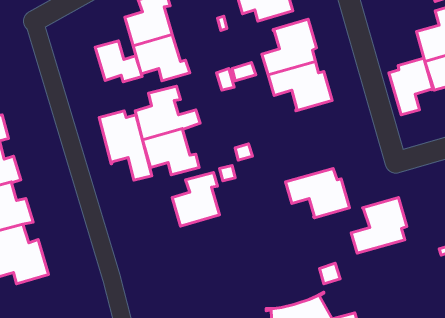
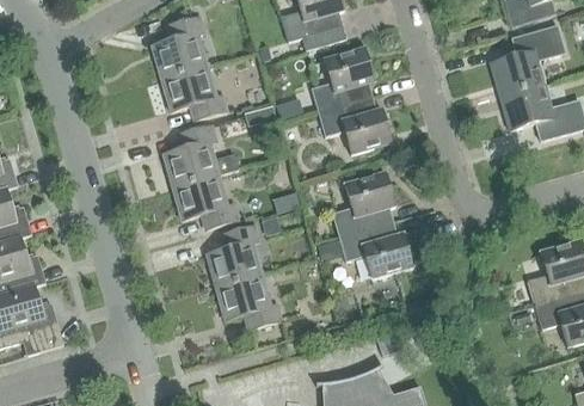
building: [95,41,142,82] -> none
building: [389,58,433,115] -> none
building: [99,111,152,180] -> none
building: [351,198,407,253] -> [331,172,395,236]
building: none -> [216,275,281,328]

